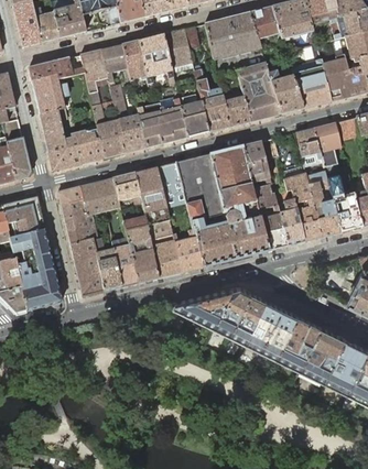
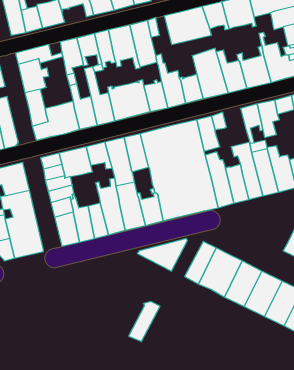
building: [213,284,250,331] -> [129,302,160,342]

